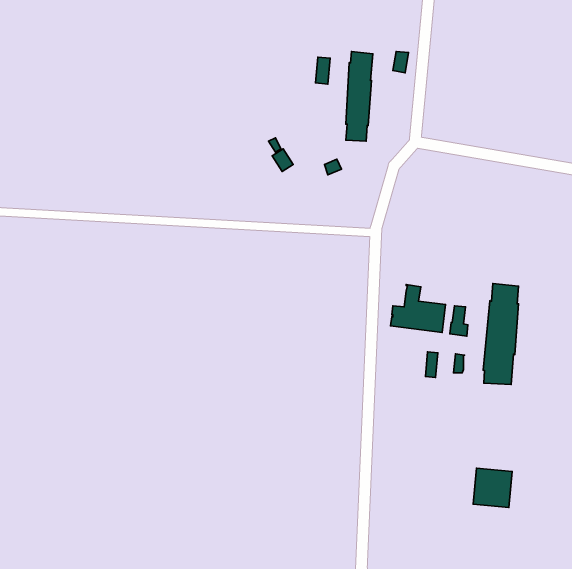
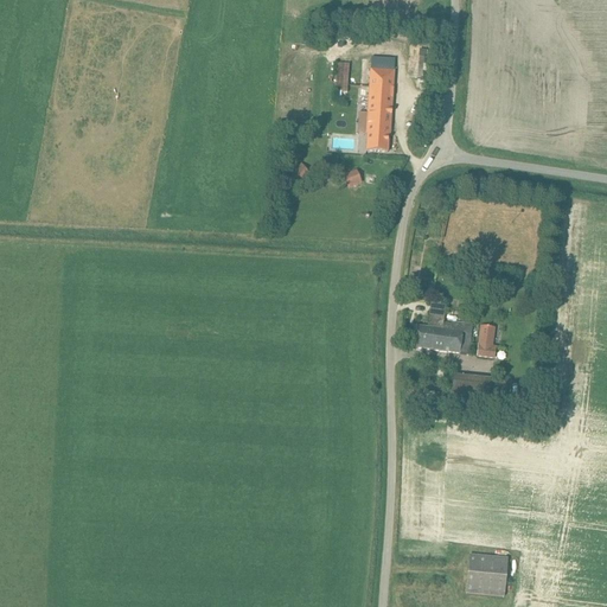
building: [483,283,519,385] -> none
building: [473,468,512,507] -> [466,552,507,594]

